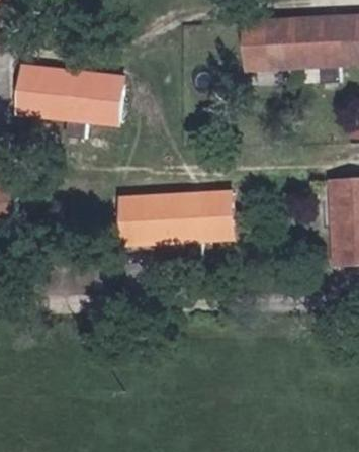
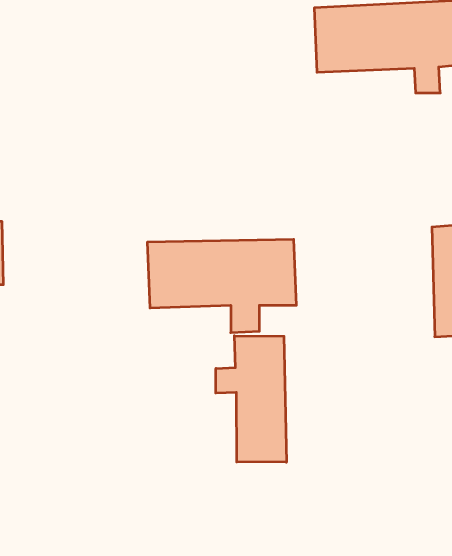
building: [17,64,118,140] -> none
building: none -> [216,336,286,462]

